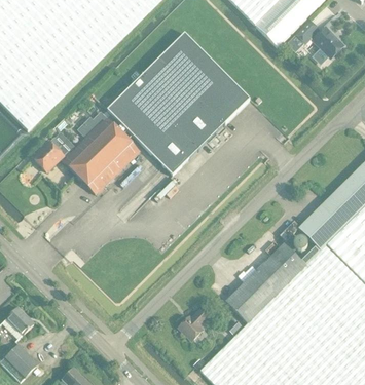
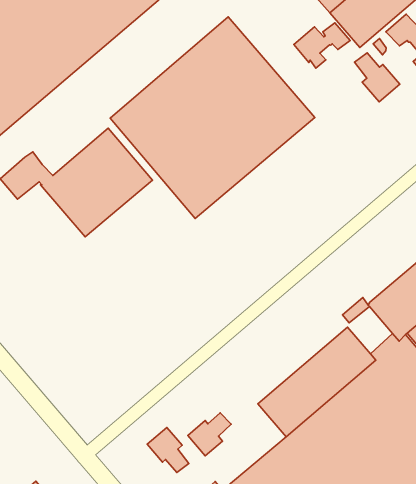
building: none -> [294,23,350,68]
building: none -> [355,53,400,102]
building: none -> [147,427,189,473]

